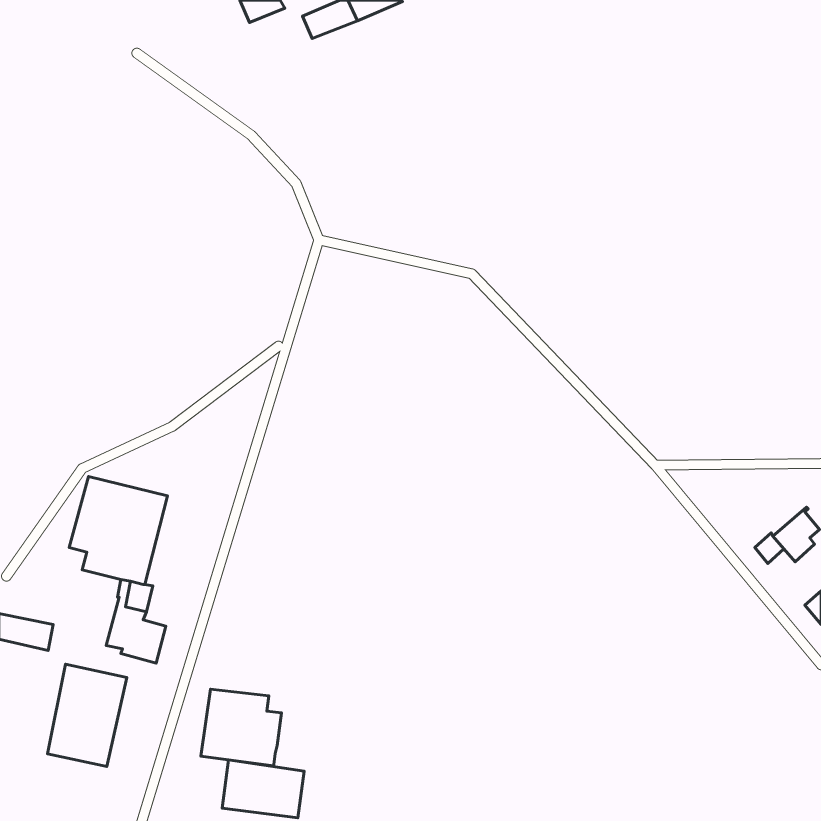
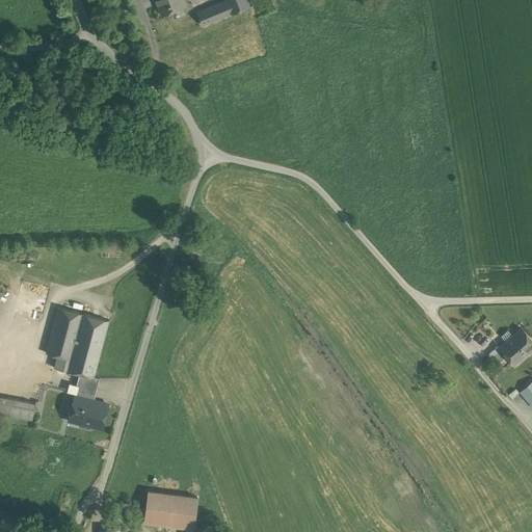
building: [47,664,127,767] -> none
building: [201,689,282,766] -> none

